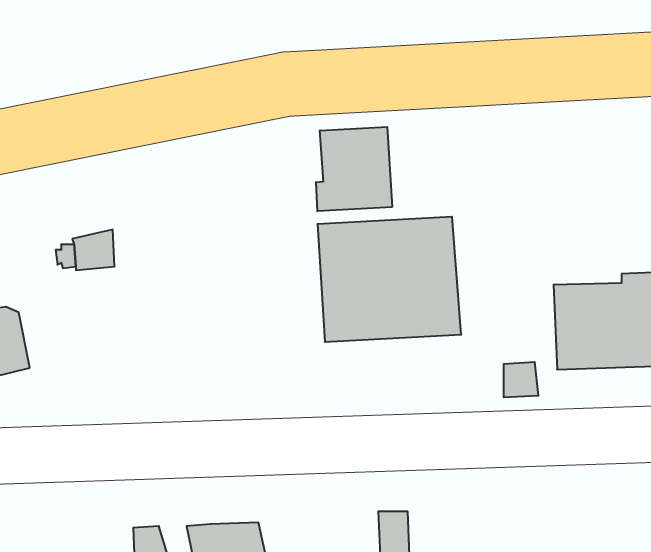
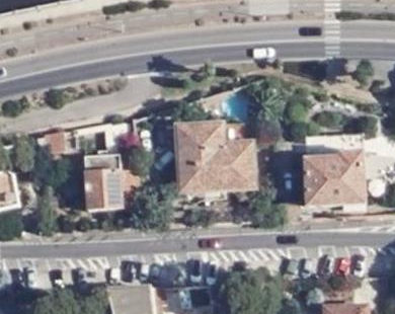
building: [316,127,392,211] -> none
building: none -> [84,152,142,209]

